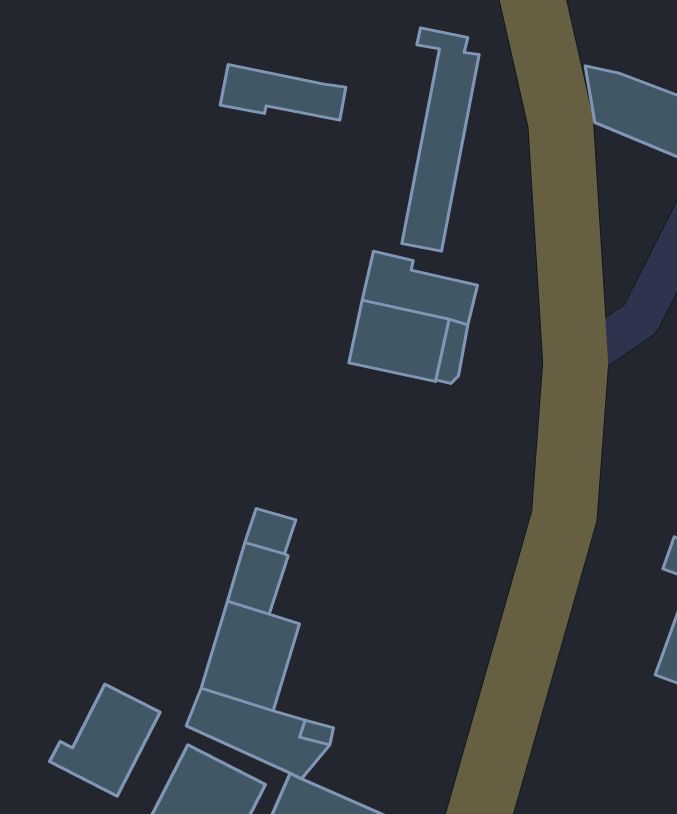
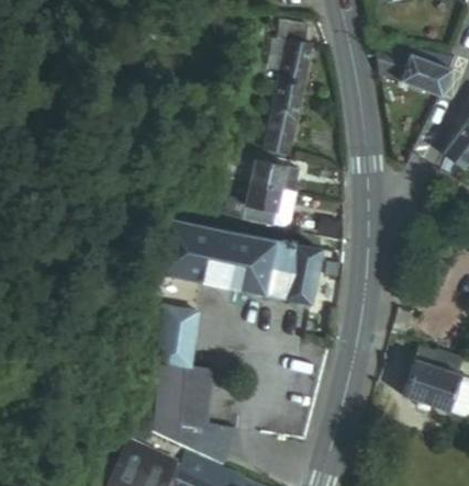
building: [220,65,346,120] -> none
building: none -> [166,221,328,309]
building: [49,684,160,796] -> none

